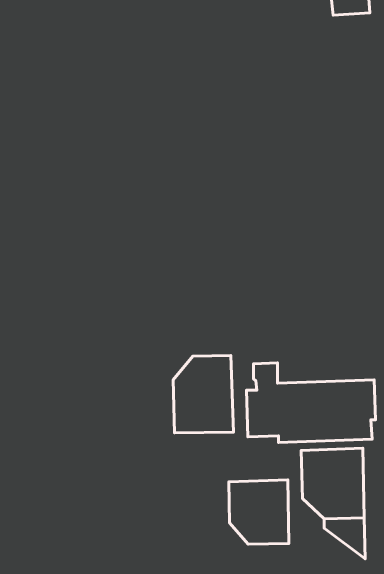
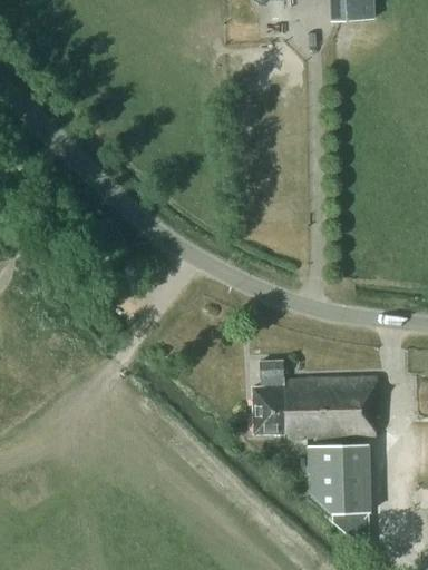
building: [173,355,233,433] -> none
building: [229,480,289,544] -> none

